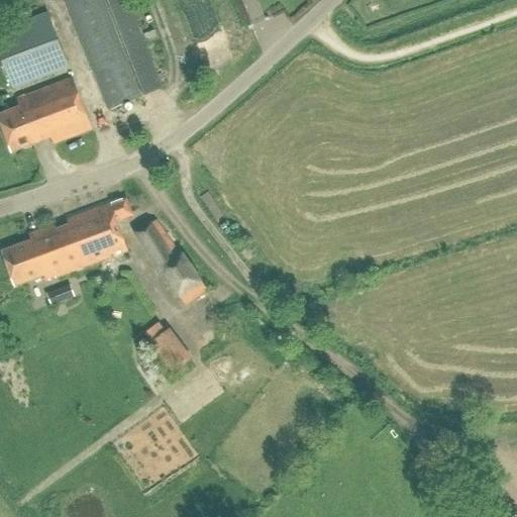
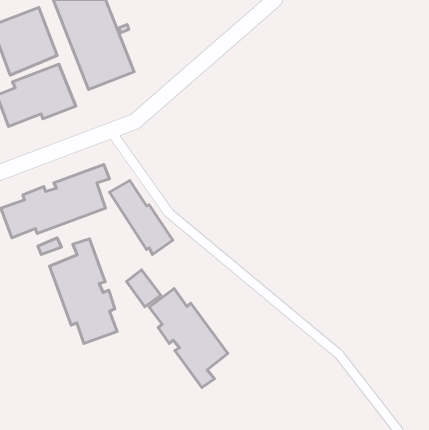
building: none -> [49,239,117,344]
building: none -> [149,289,228,387]

